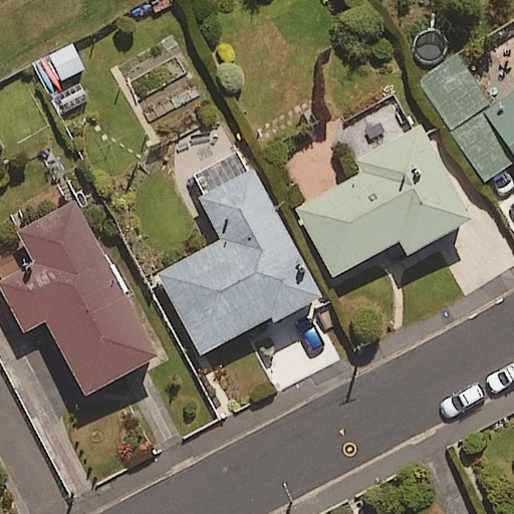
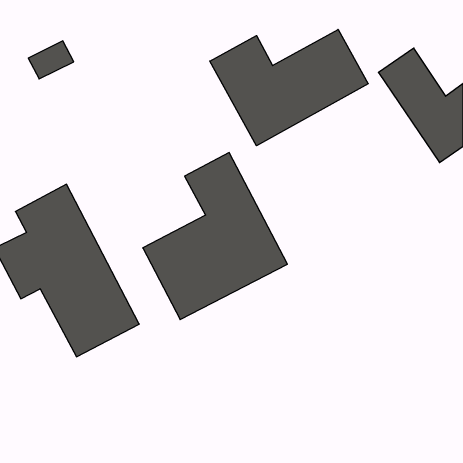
building: none -> [210,29,368,146]
building: [297,122,472,275] -> none

